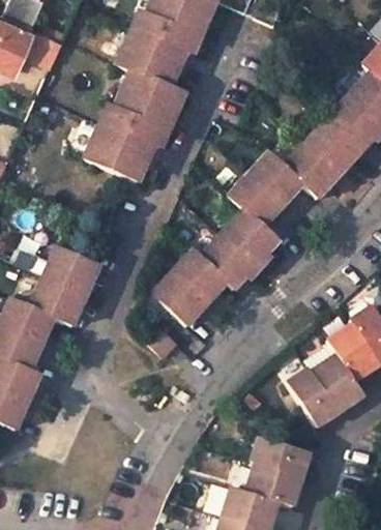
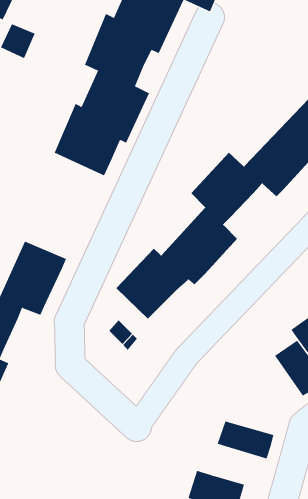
building: [286,365,339,425] -> none
building: [246,461,302,505] -> none

